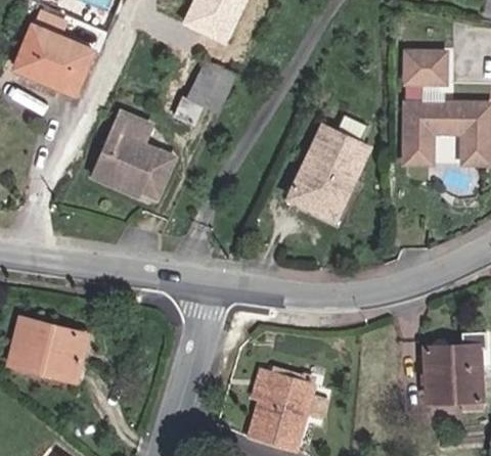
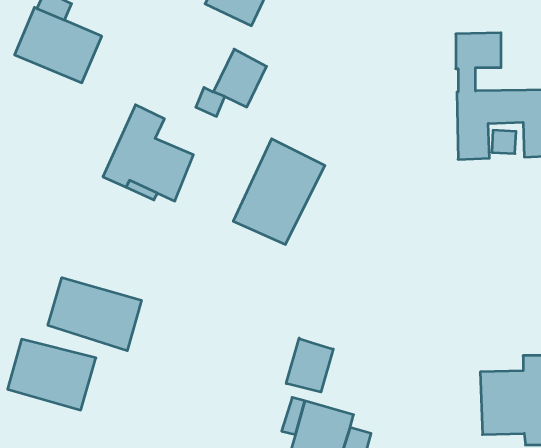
building: [289,125,370,218] -> [233,139,325,244]
building: none -> [48,278,141,351]
building: none -> [286,338,333,392]

